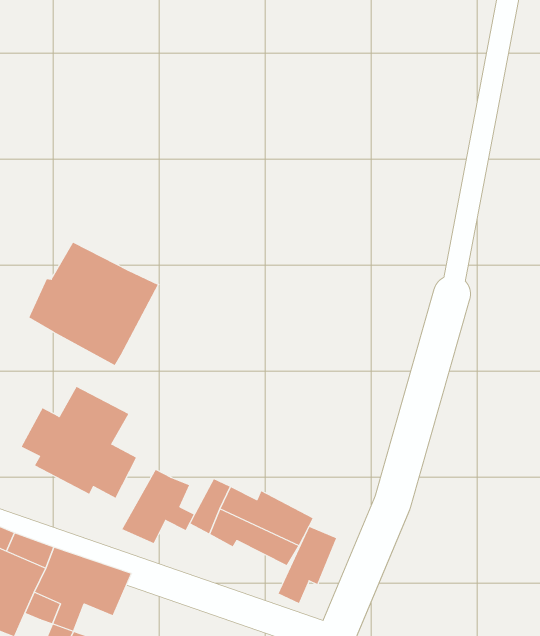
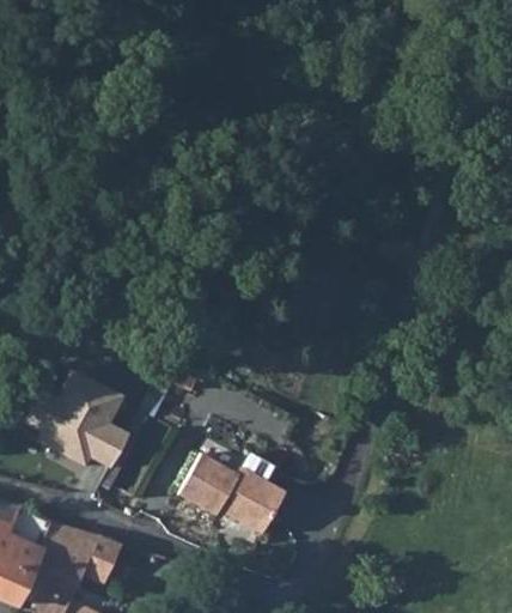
building: [28,242,159,366] -> none
building: [122,469,195,544] -> none
building: [278,526,337,604] -> none

